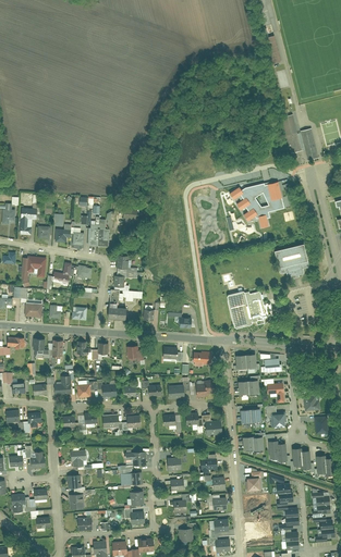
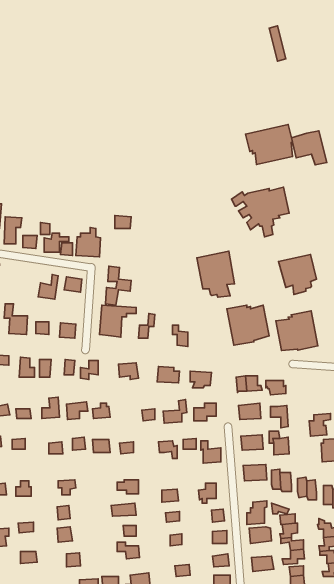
building: none -> [246,124,293,165]
building: none -> [197,251,234,297]
building: [22,257,47,287] -> none
building: none -> [276,311,318,350]

